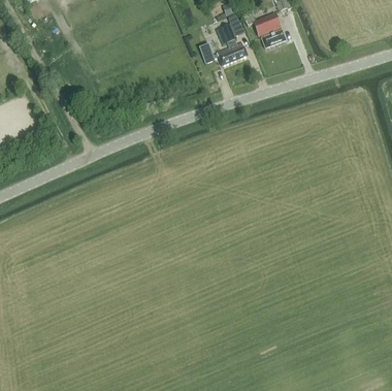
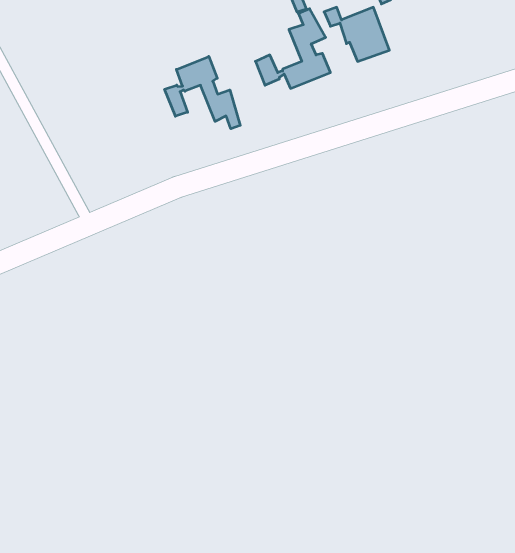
building: none -> [165,56,240,129]

